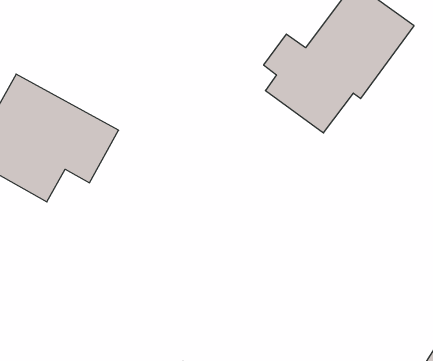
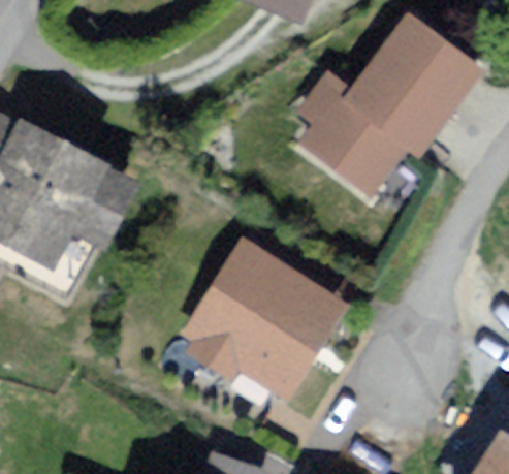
building: none -> [184,240,344,397]

